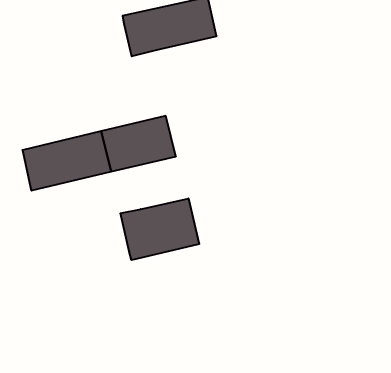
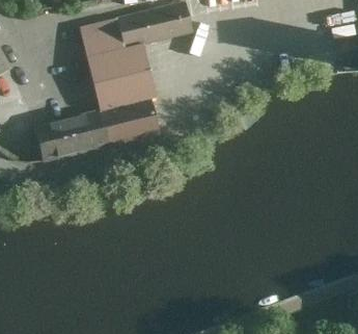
building: none -> [79,23,156,111]
building: [120,198,199,260] -> none

